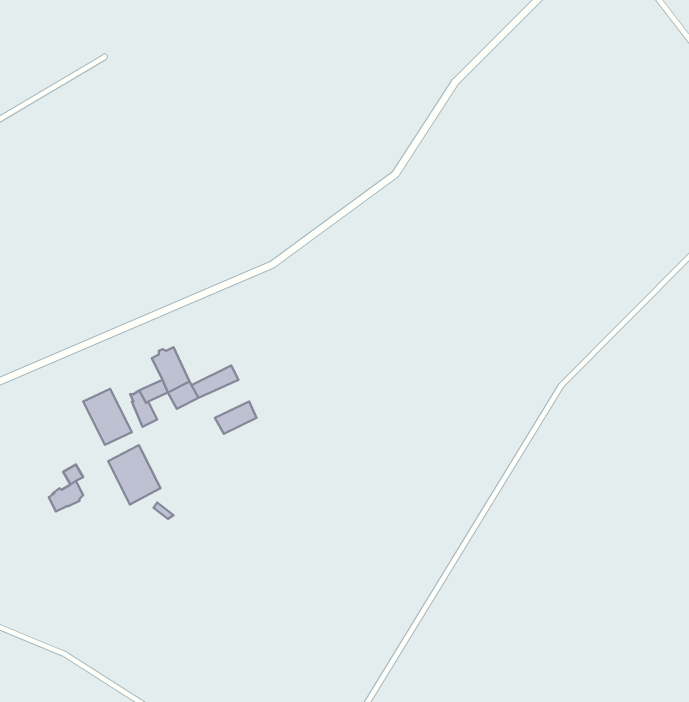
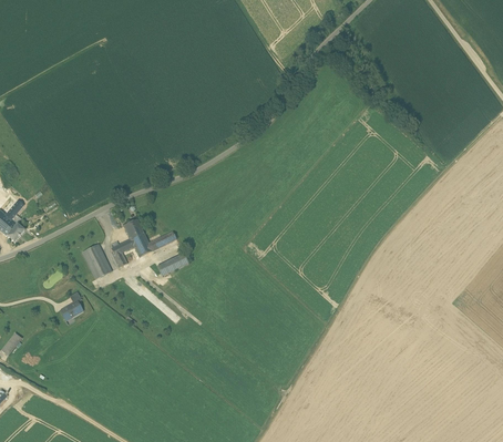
building: [108,445,160,504] -> none

